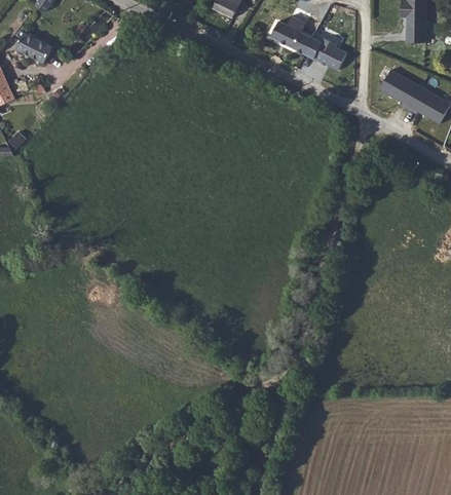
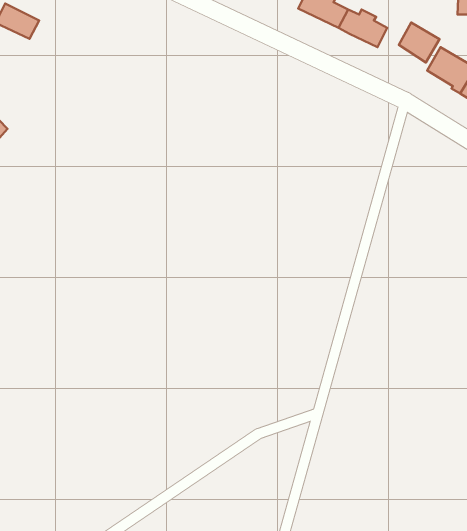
building: none -> [399,23,440,63]

